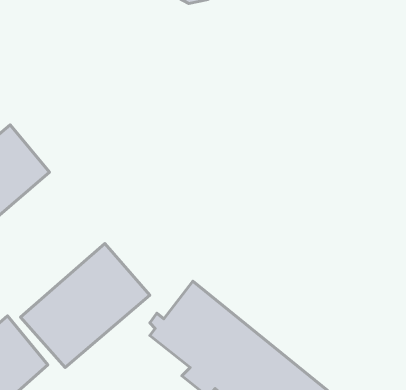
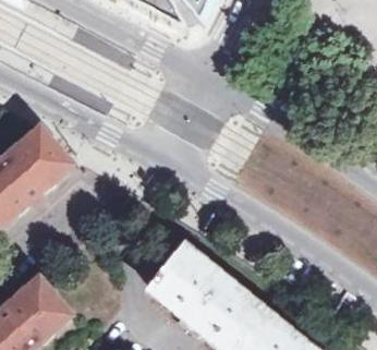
building: [21,243,150,367] -> none

